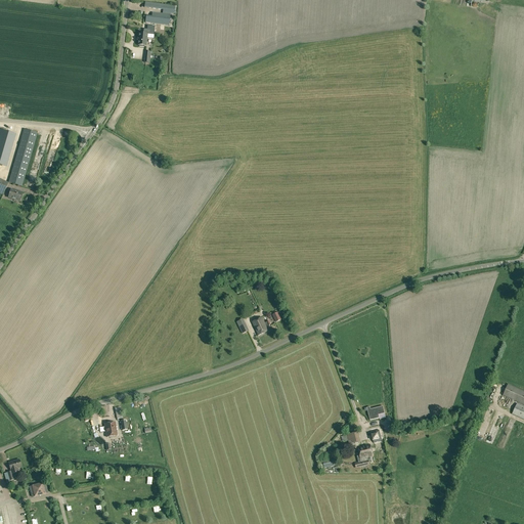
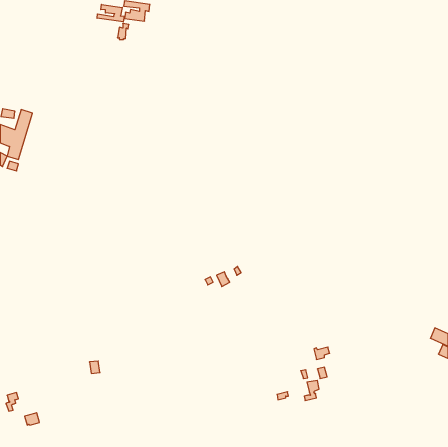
building: none -> [97,4,124,22]

